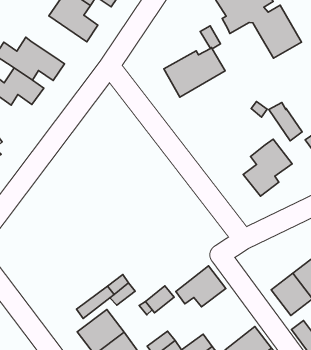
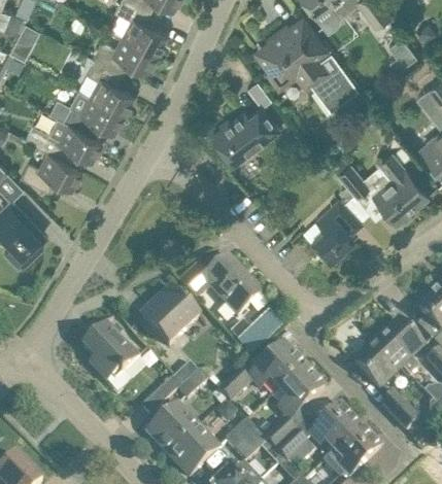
building: none -> [63,89,124,133]
building: none -> [179,254,263,316]
building: none -> [140,286,200,347]
building: none -> [81,321,139,382]
building: none -> [231,312,281,353]
building: none -> [280,366,325,417]

